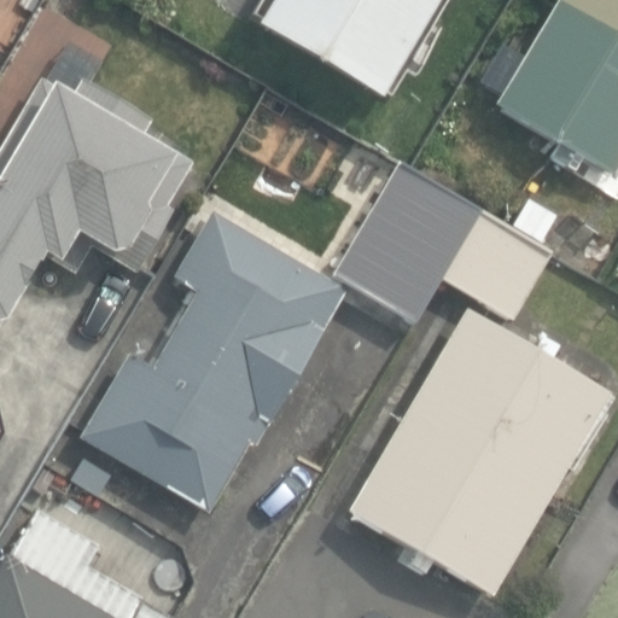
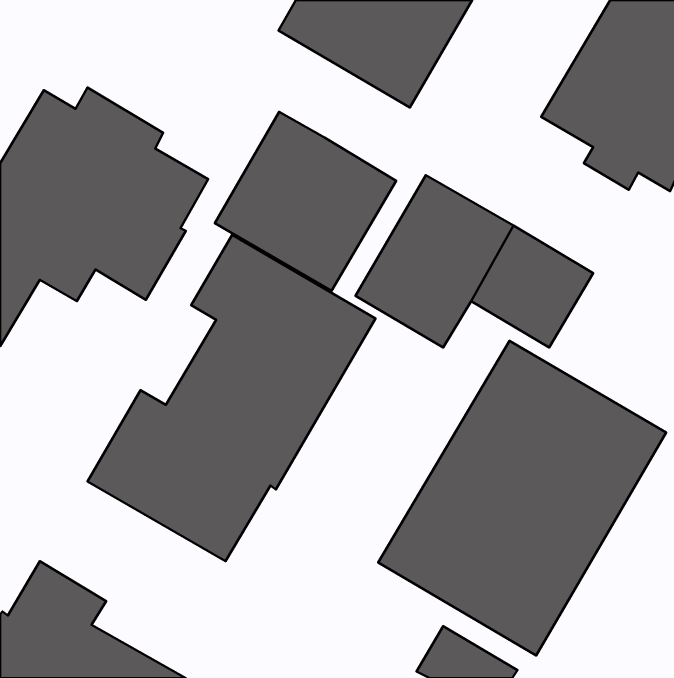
building: none -> [215,112,396,291]

